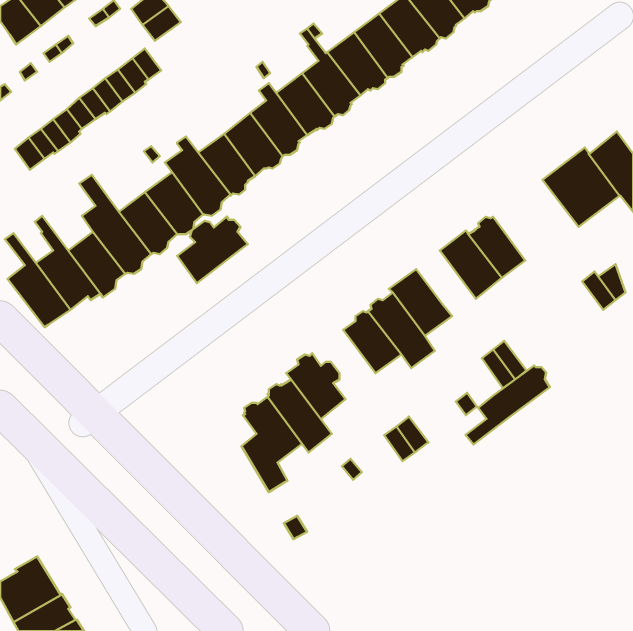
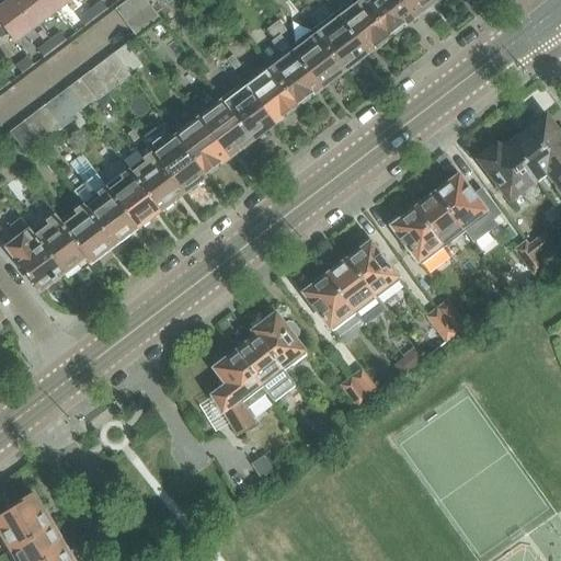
building: none -> [436,174,488,230]
building: [177,217,248,283] -> none
building: [466,366,550,445] -> none

